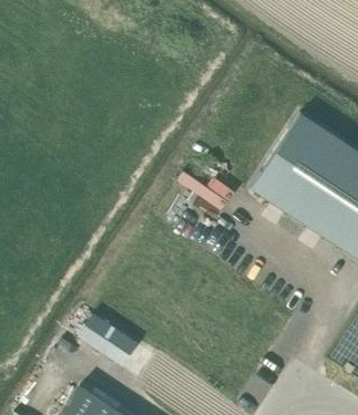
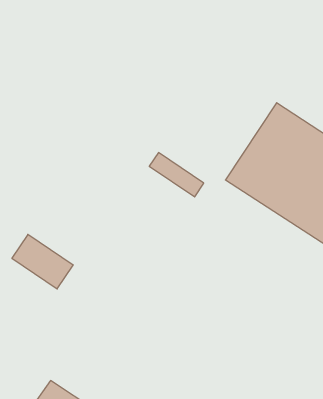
building: [78,312,137,365] -> [12,234,73,289]

